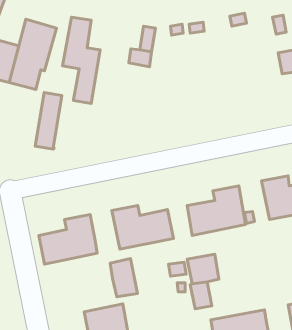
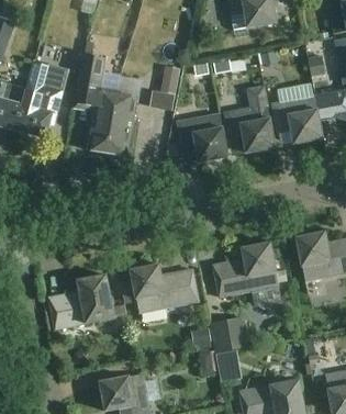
building: none -> [224,85,275,153]
building: none -> [271,96,323,144]
building: none -> [177,113,227,161]
building: [35,93,62,149] -> [107,92,136,155]
building: [110,258,138,297] -> none

